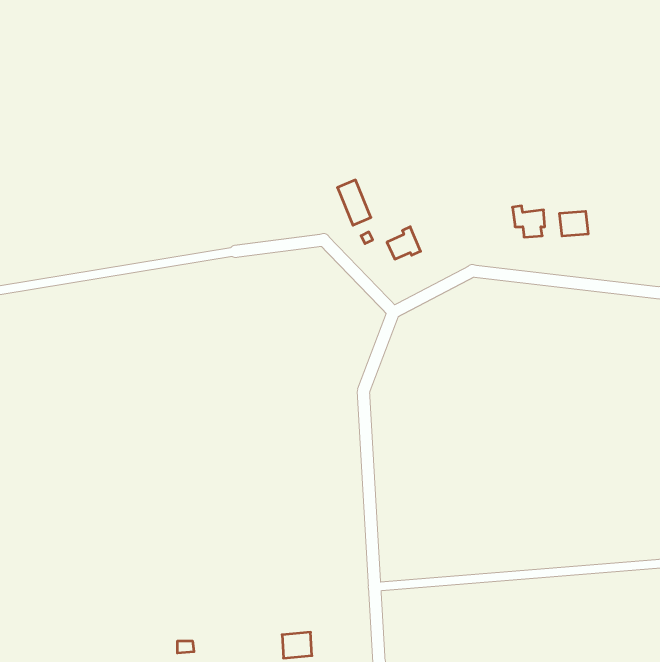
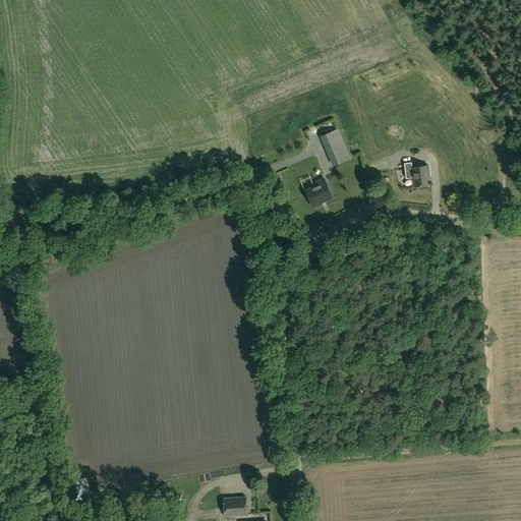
building: [337,180,371,225] -> [322,129,348,165]
building: [560,211,588,236] -> none

